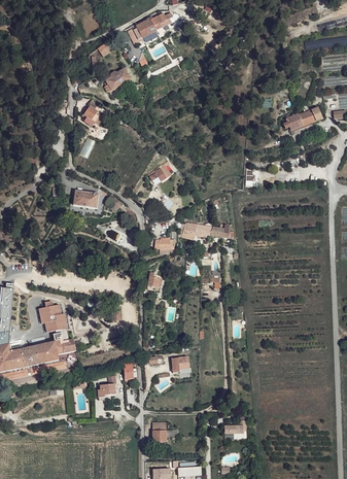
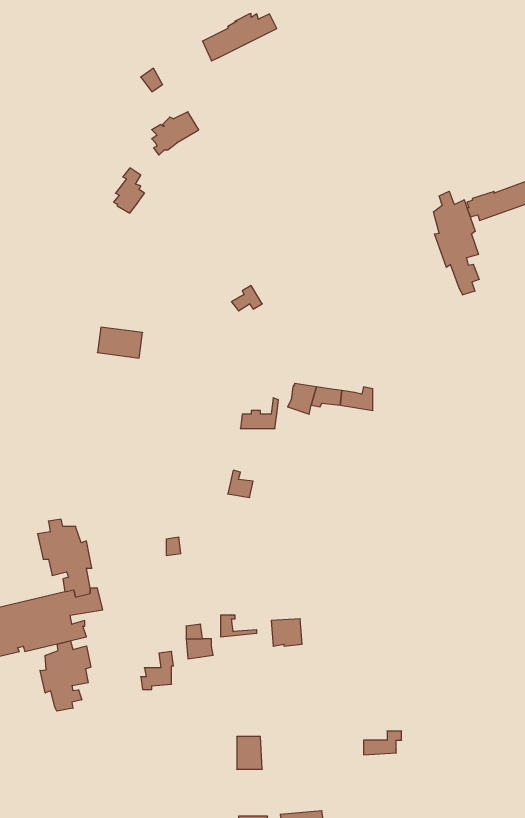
building: none -> [433,191,479,295]
building: none -> [40,641,91,711]

